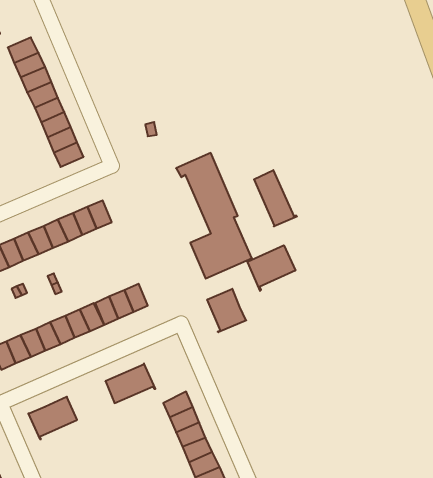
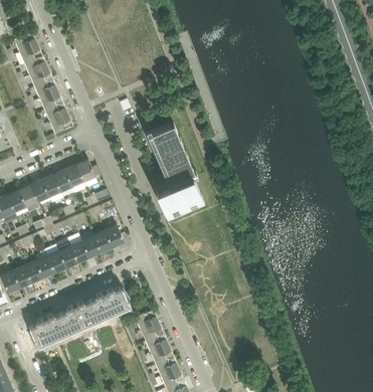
building: [254,170,297,226] -> none
building: [247,245,295,291] -> none
building: [207,289,246,332] -> none
building: none -> [60,302,98,332]

